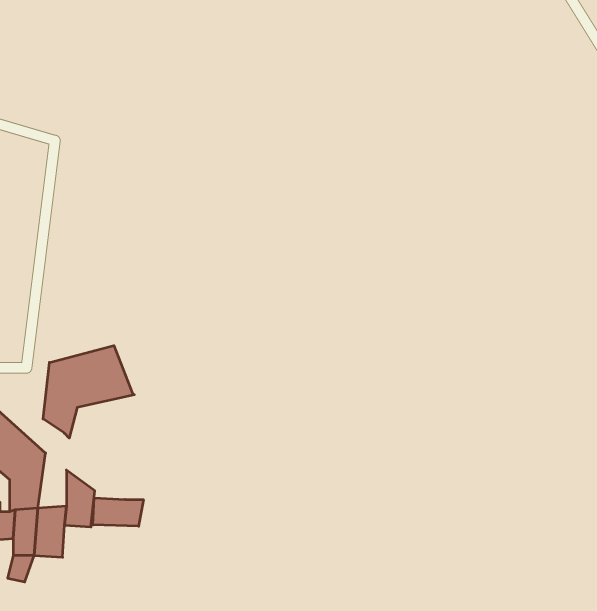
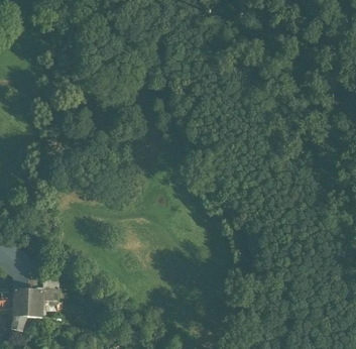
building: [43,346,134,438] -> none
building: [93,498,143,526] -> none

